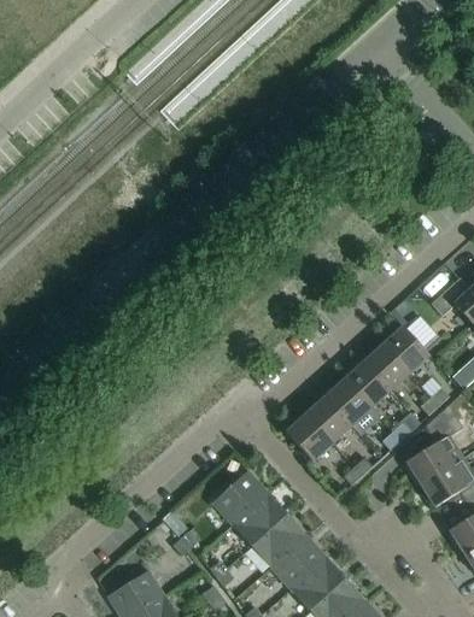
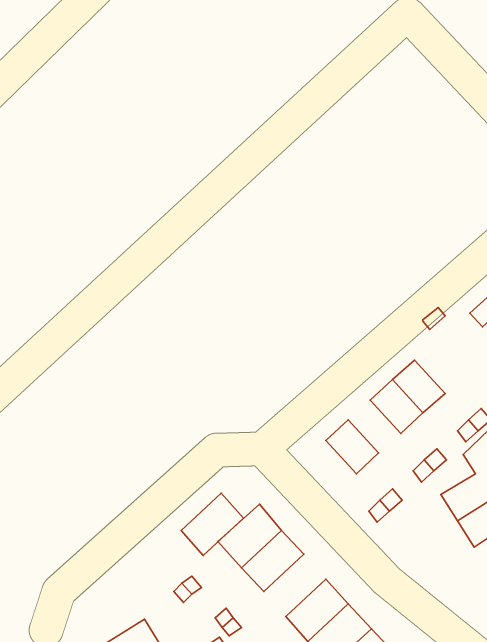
building: [382,327,428,374] -> none
building: [324,380,379,435] -> none
building: [285,415,332,462] -> none
building: [251,513,305,568] -> [181,493,243,555]

